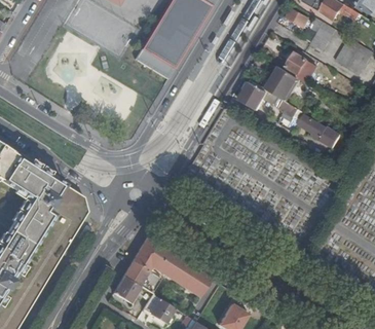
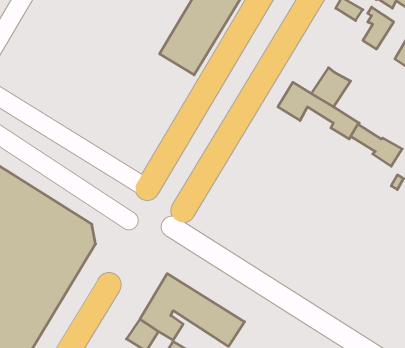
building: [286,51,316,81] -> none

